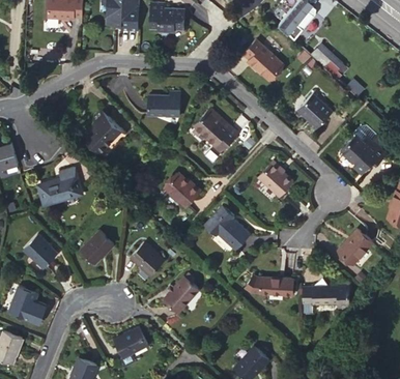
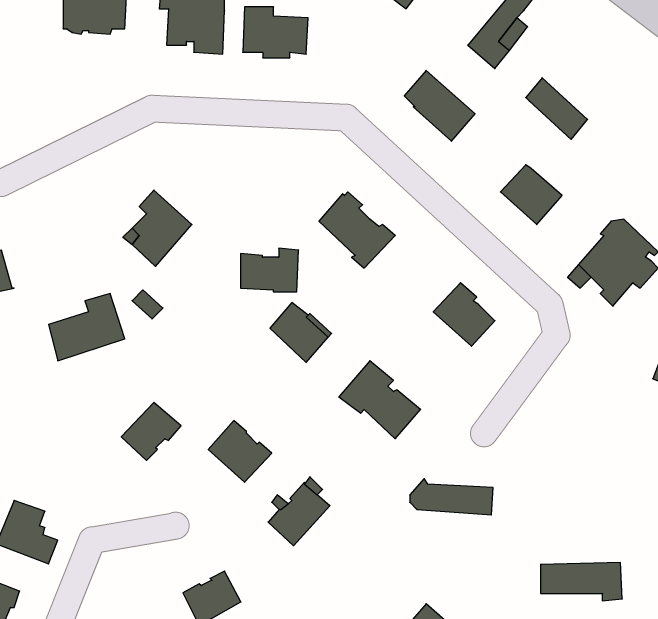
building: [146,93,179,118] -> [241,248,299,292]
building: [339,230,373,264] -> none
building: [24,233,58,267] -> none
building: [303,287,349,309] -> [541,563,622,601]

